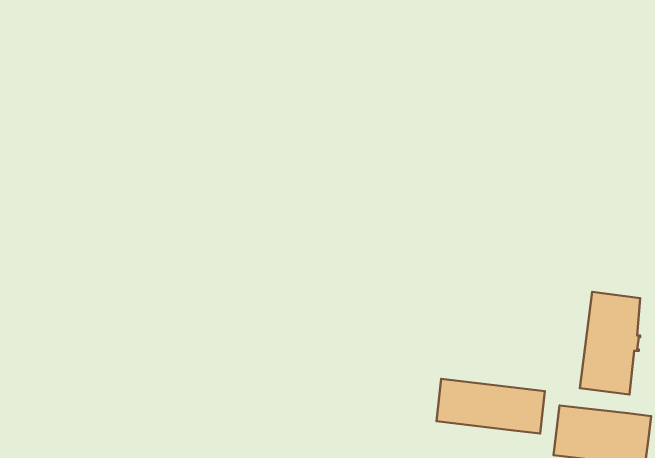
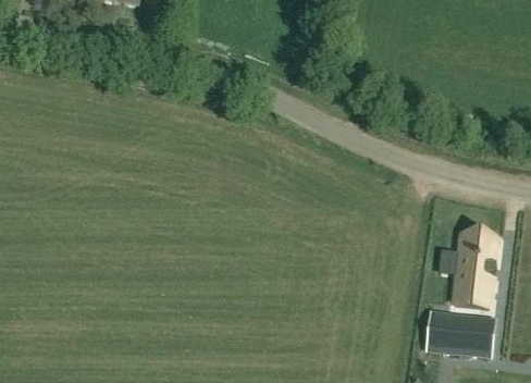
building: [436,379,545,433] -> none

